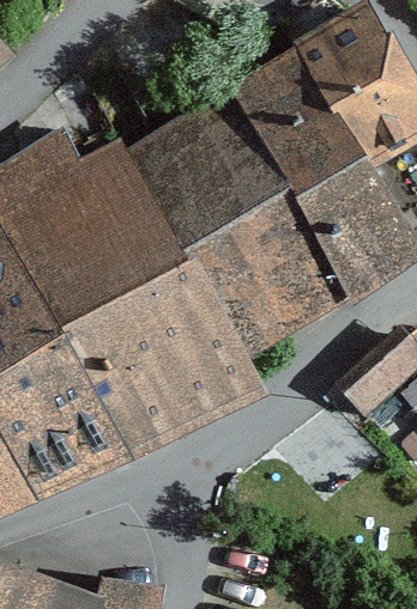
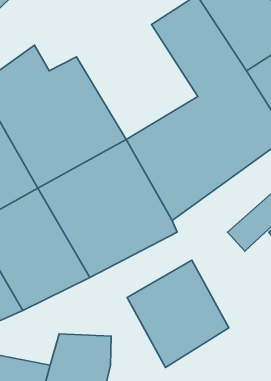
building: [125,89,294,255] -> none
building: none -> [127,260,229,367]

